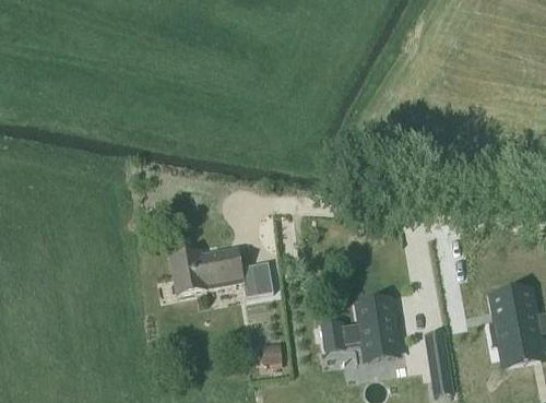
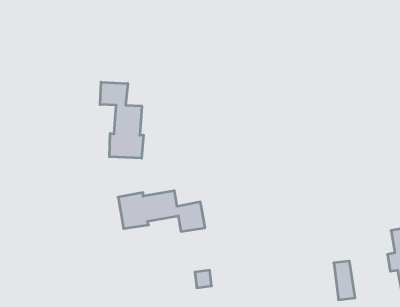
building: none -> [100,82,143,158]
building: [322,298,397,358] -> none

